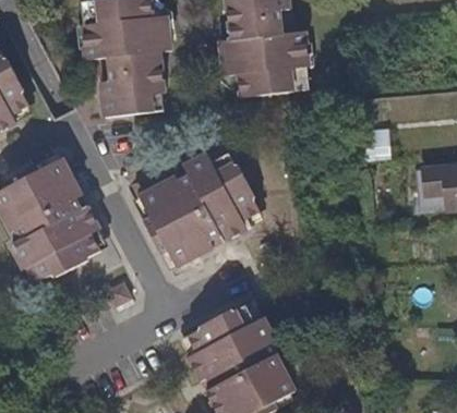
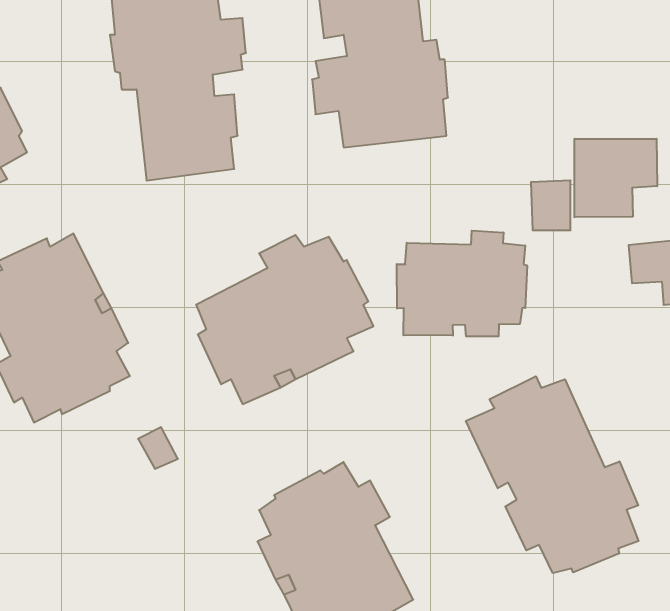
building: none -> [574,139,657,217]
building: none -> [397,231,527,336]
building: none -> [466,376,639,573]

